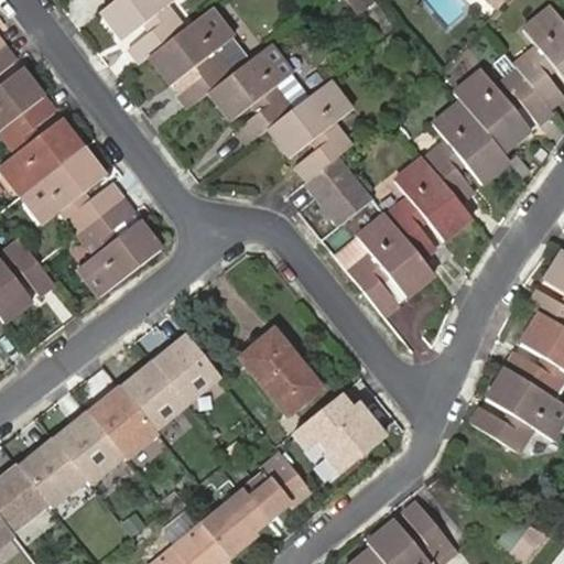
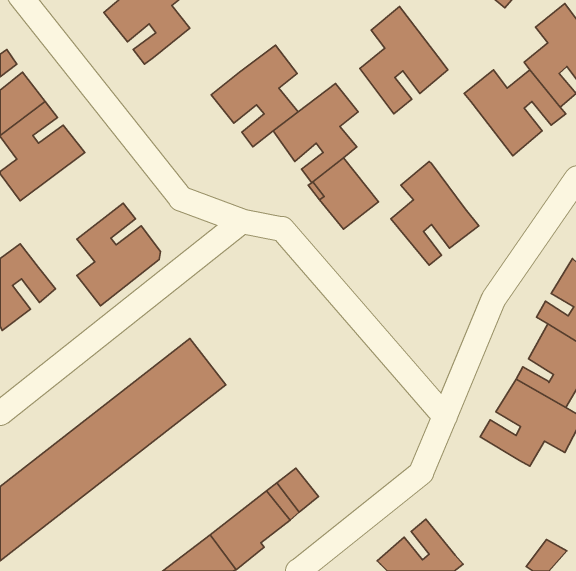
building: [151,8,235,106] -> none
building: [422,99,508,204] -> [360,7,448,114]
building: [21,149,121,234] -> none
building: [330,214,432,316] -> none
building: [243,328,324,414] -> none
building: [297,387,387,476] -> none

